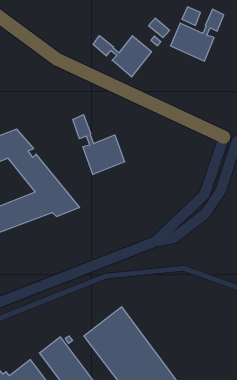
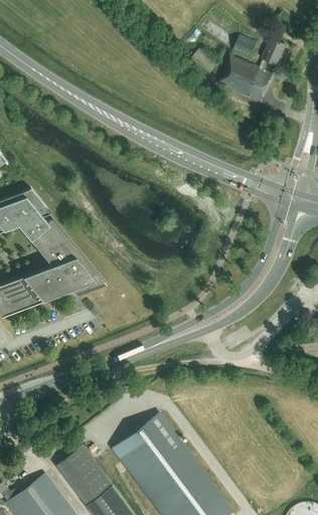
building: [93,36,152,77] -> none
building: [73,115,125,175] -> none

